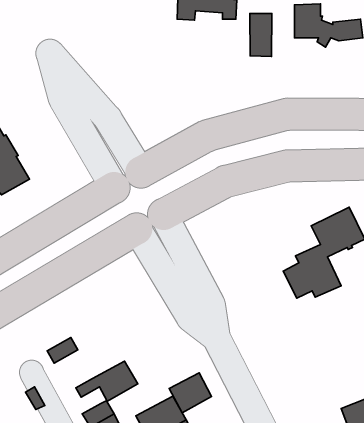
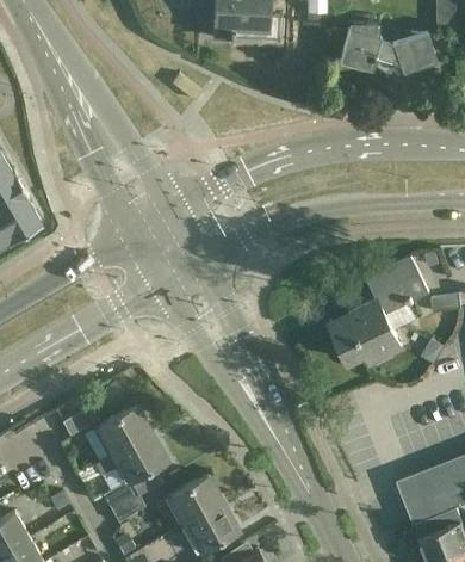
building: [250,13,272,56] -> none
building: none -> [93,404,151,455]
building: [169,373,212,413] -> none

